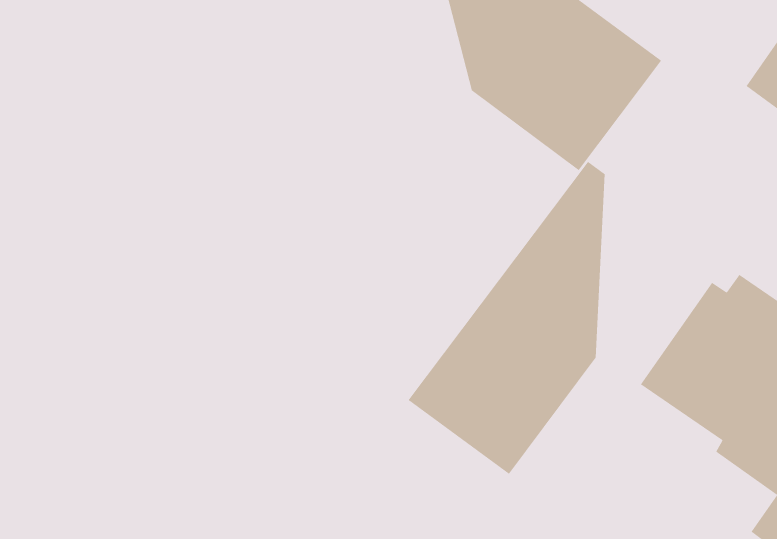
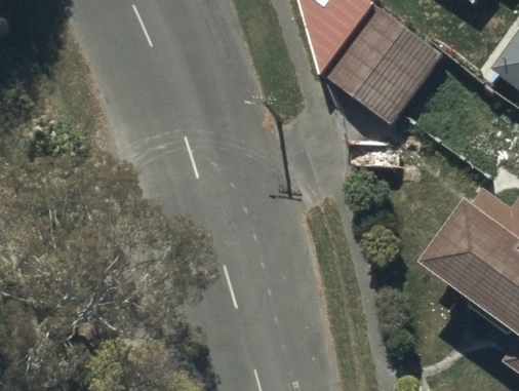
building: [408,161,606,475] -> none

